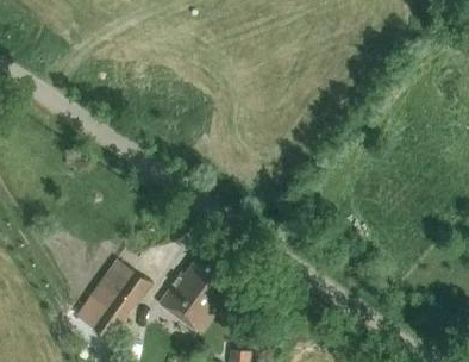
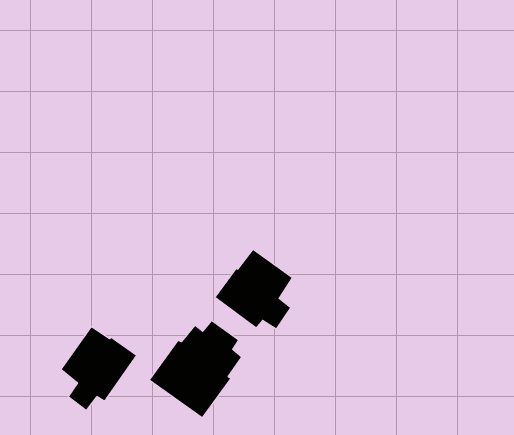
building: none -> [215,249,292,329]

